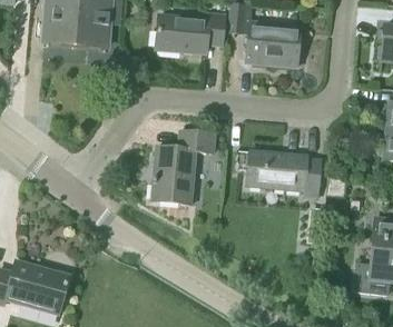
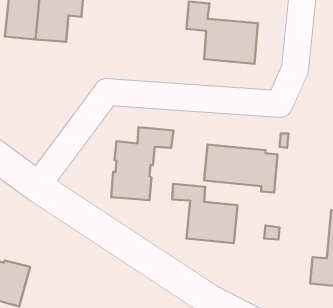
building: [156,14,224,54] -> none
building: none -> [172,184,238,243]

